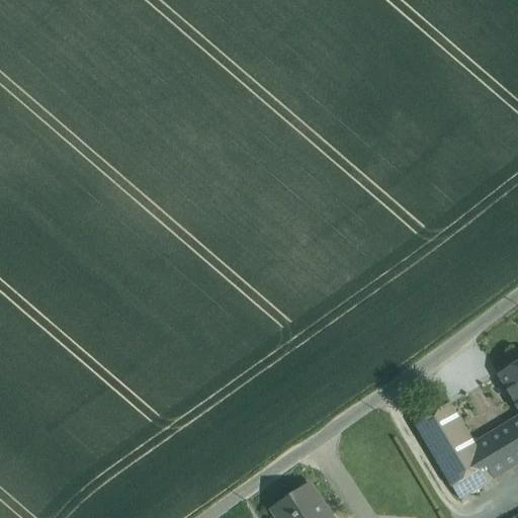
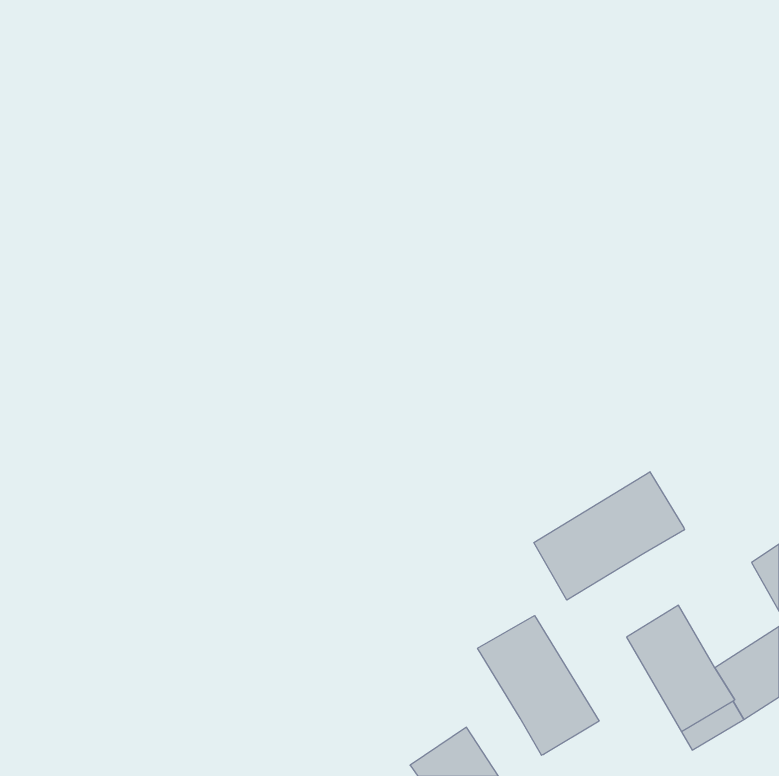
building: none -> [534,472,684,600]
building: none -> [478,616,599,755]

